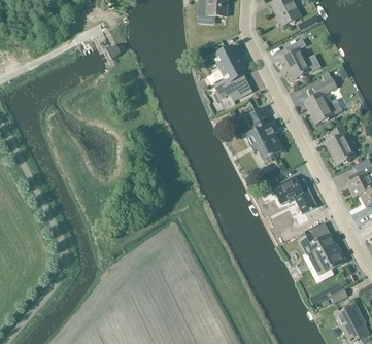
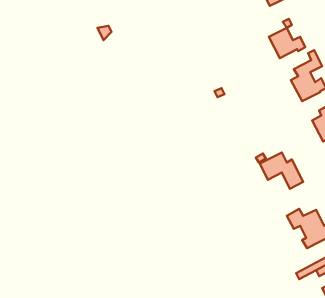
building: [213,44,247,99] -> none
building: [245,106,282,157] -> none

